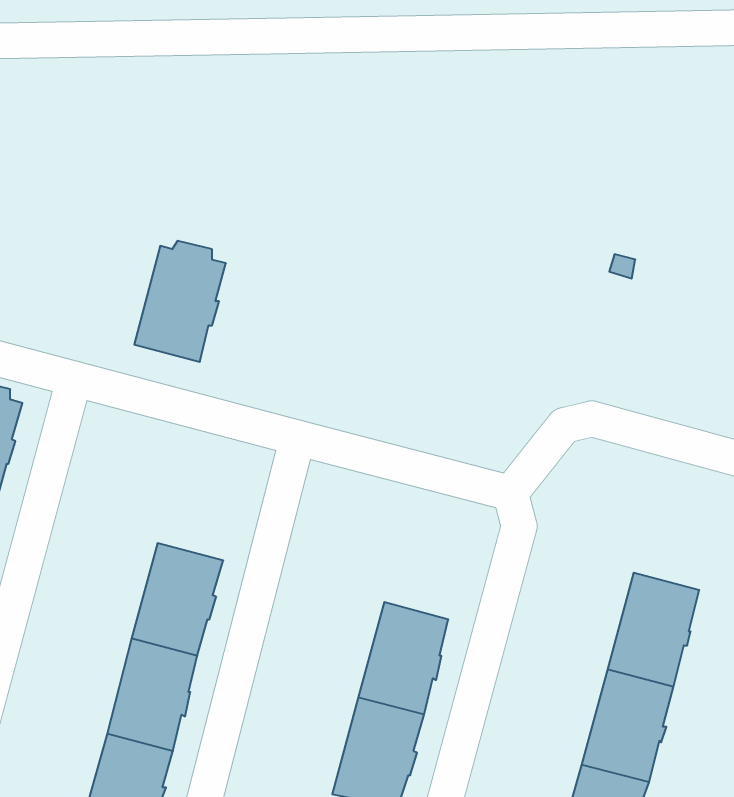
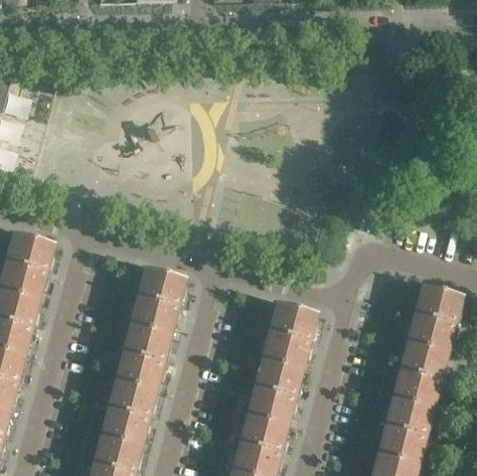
building: [134,241,226,362] -> [131,267,184,337]
building: none -> [408,285,461,354]
building: none -> [263,302,315,371]

